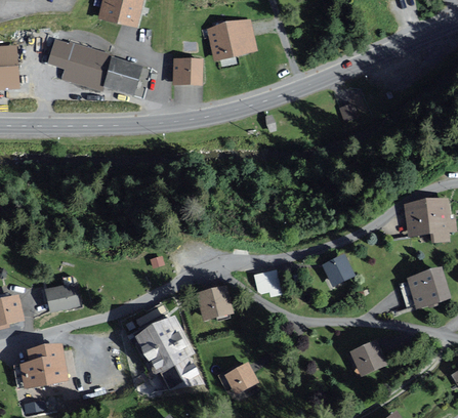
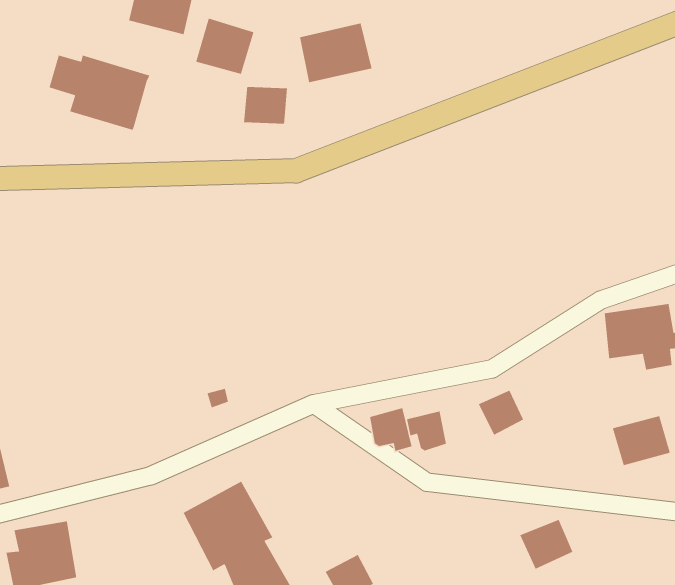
building: [103,59,141,96] -> [195,18,254,75]
building: none -> [406,411,447,451]
building: [198,285,233,320] -> none
building: [44,286,79,315] -> none

